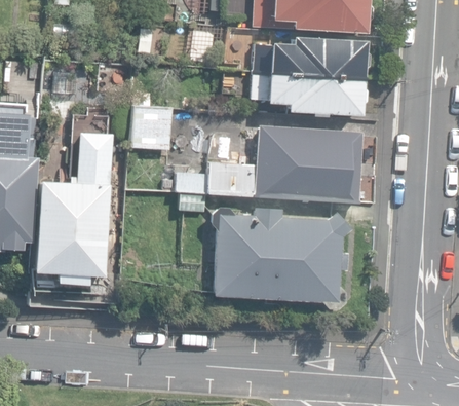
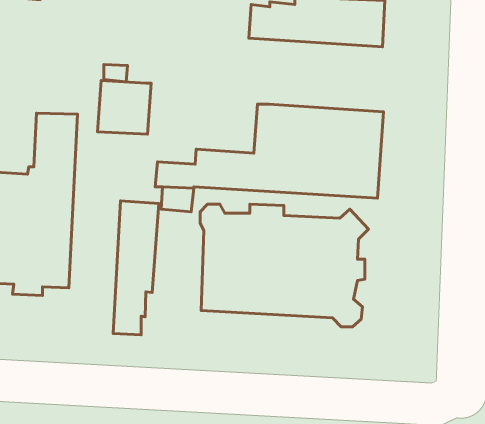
building: [252,71,362,115] -> none
building: none -> [113,201,159,335]

